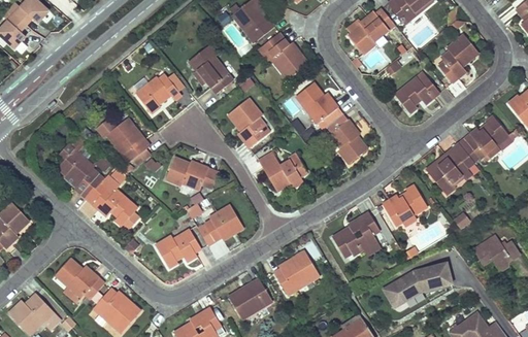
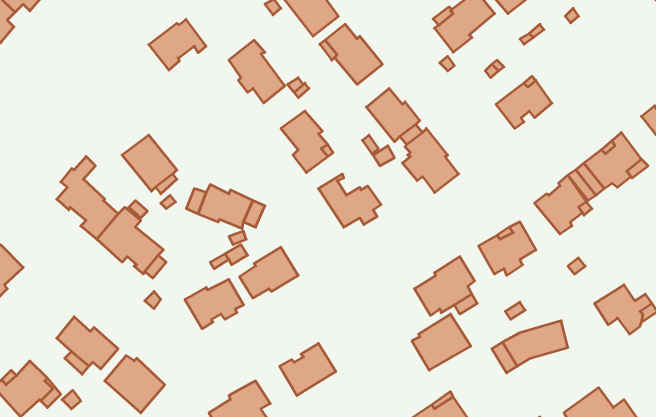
building: [439,36,478,83] -> none
building: [137,74,182,113] -> [149,19,206,70]
building: [274,251,320,295] -> [412,314,471,370]

